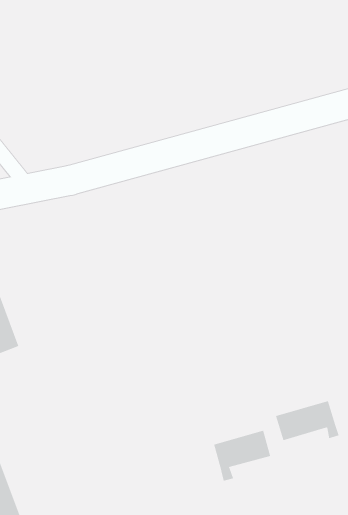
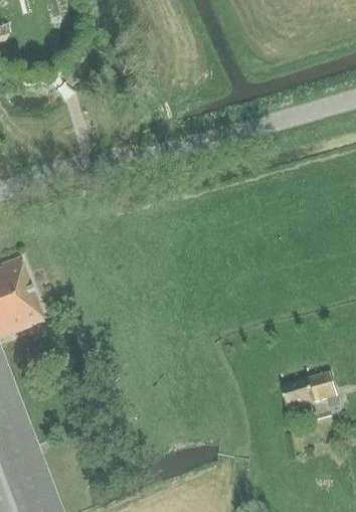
building: [214,430,271,481] -> none

